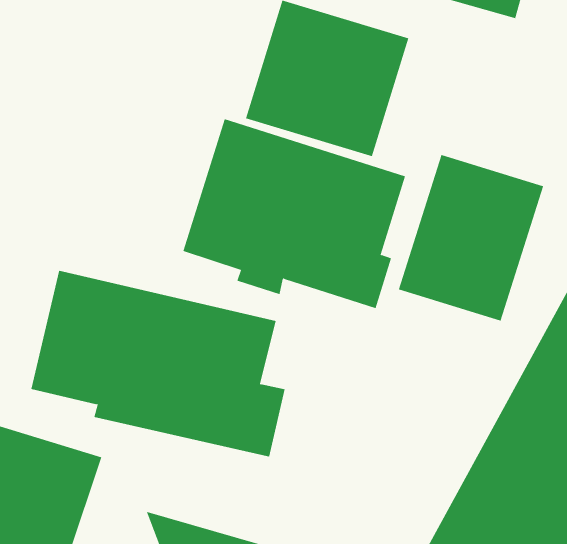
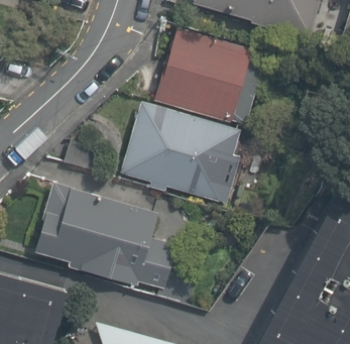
building: [398,154,544,322] -> none

